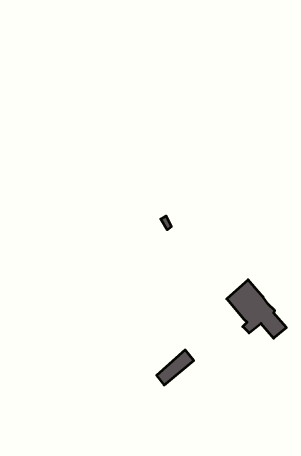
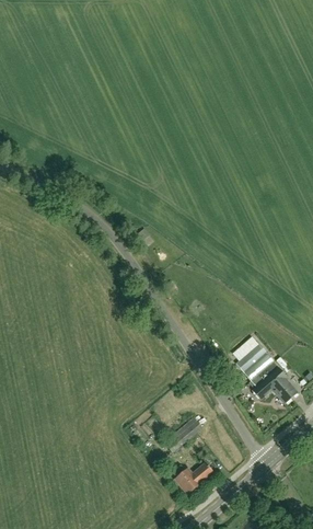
building: none -> [171,460,212,493]

